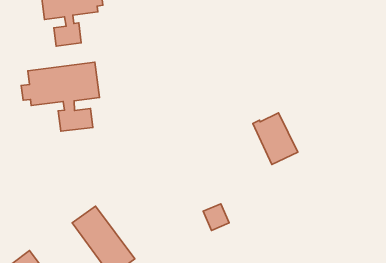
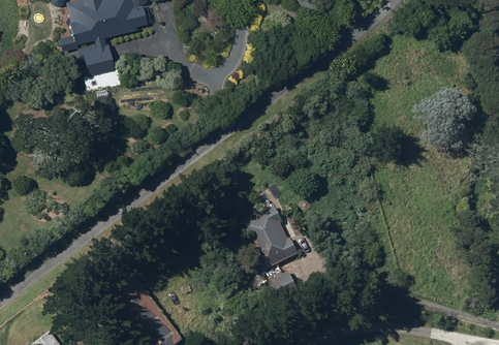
building: [21,62,100,131] -> none
building: [253,113,298,165] -> [241,206,297,270]

